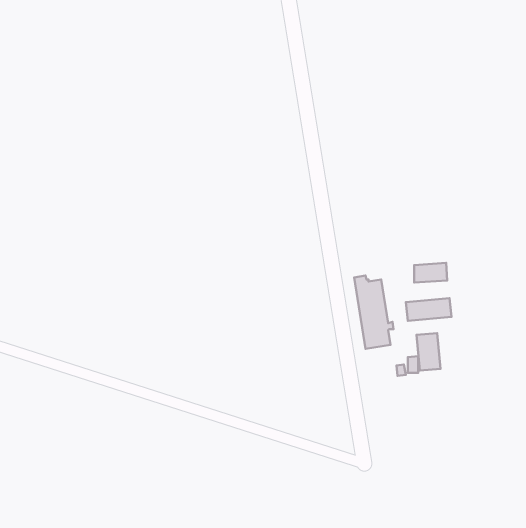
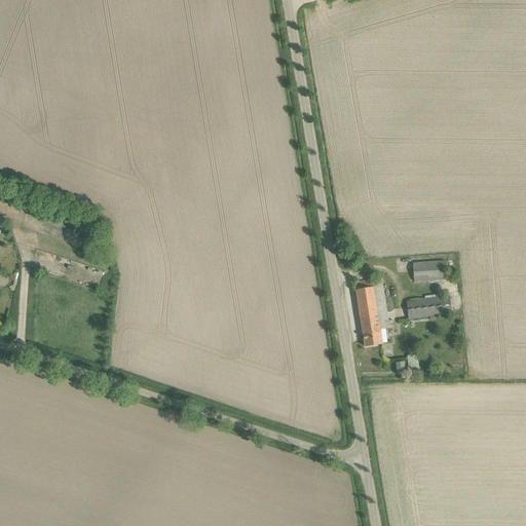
building: [417,333,440,370] -> none

